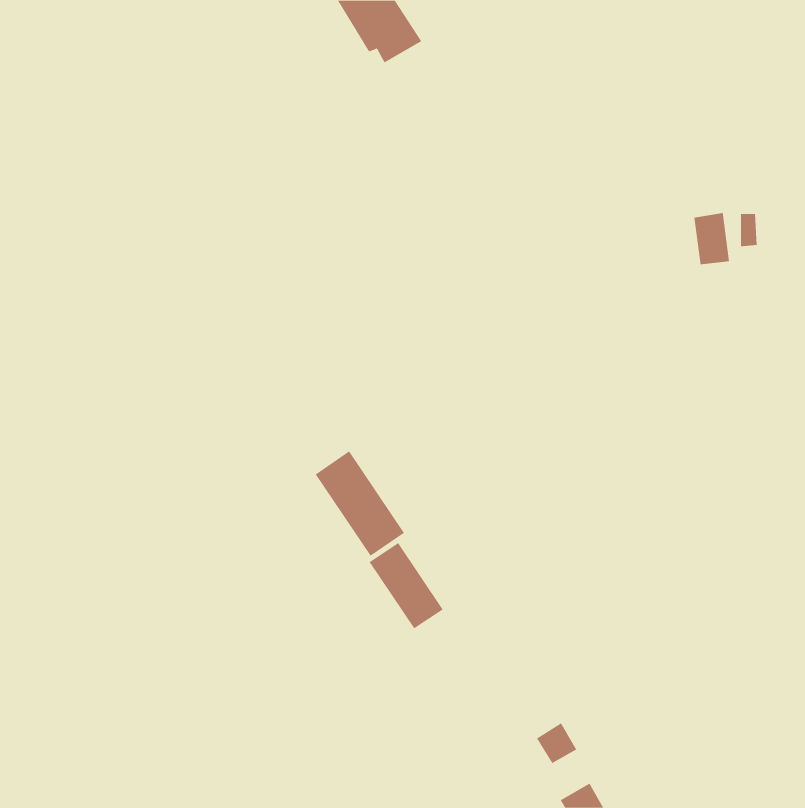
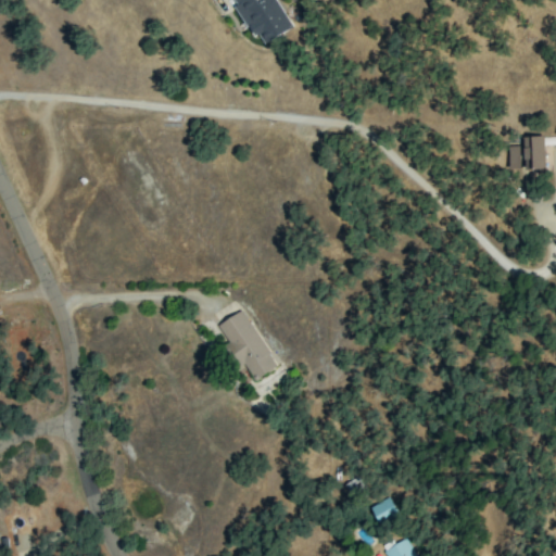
building: [694,213,730,265] -> [523,135,548,170]
building: [369,542,444,629] -> none

